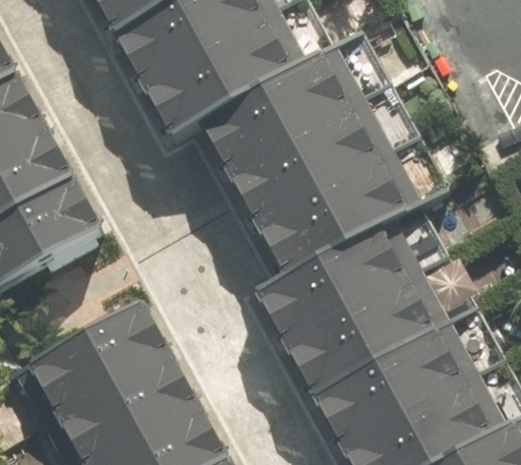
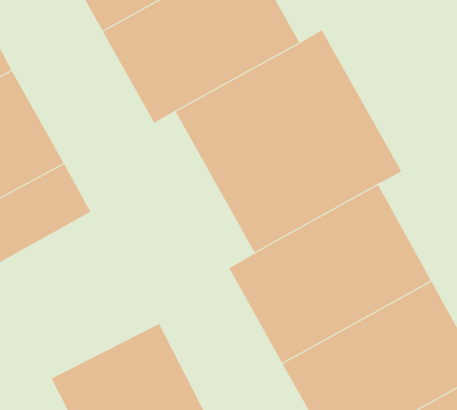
building: [30,307,178,423] -> none

